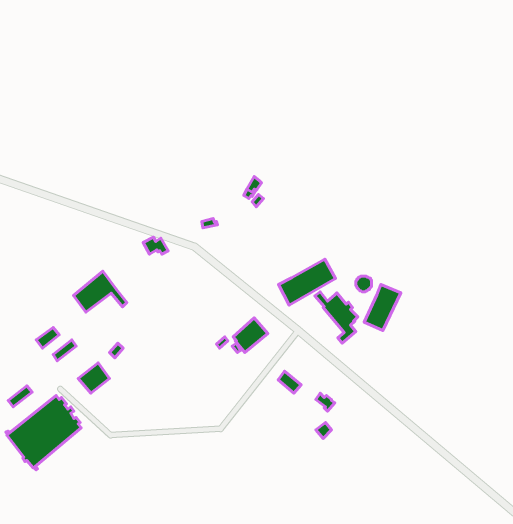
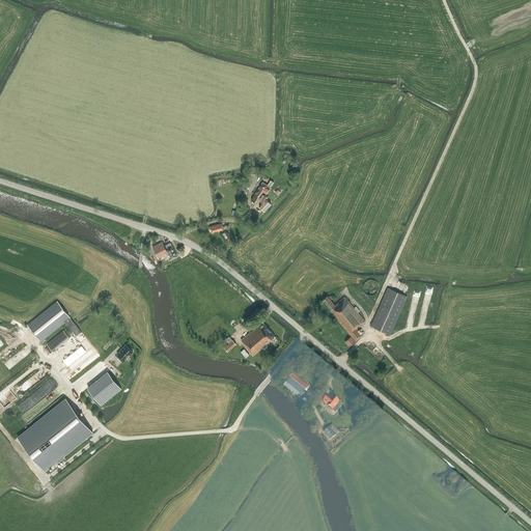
building: [278,259,336,305] -> none
building: [73,271,127,312] -> [27,302,80,342]

